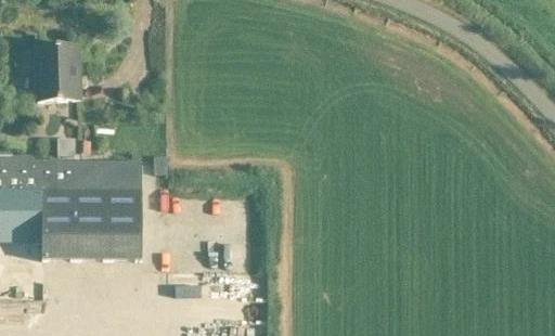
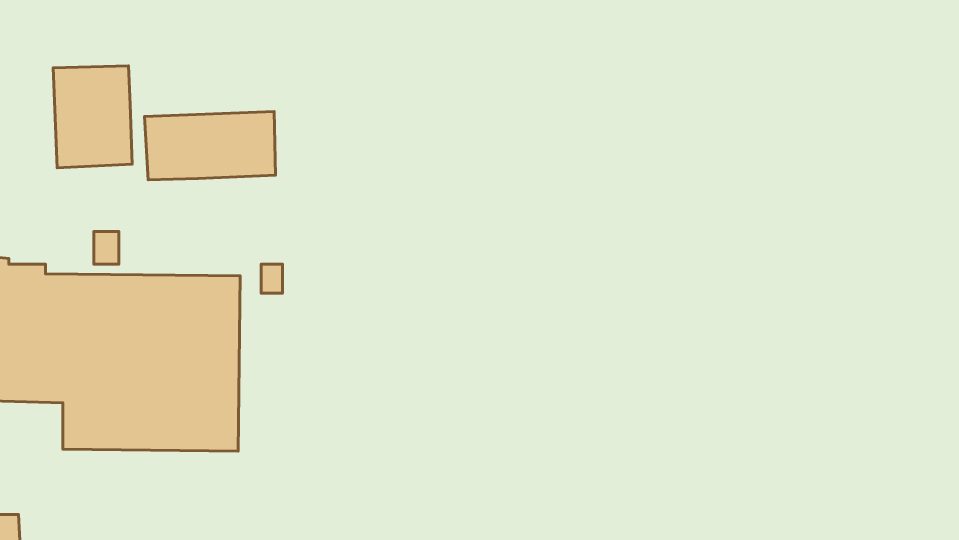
building: none -> [145,112,275,180]

